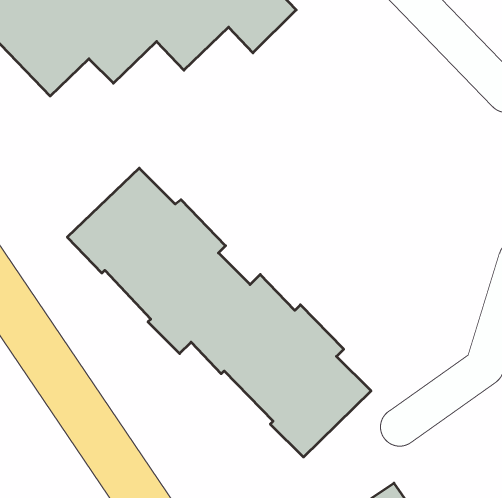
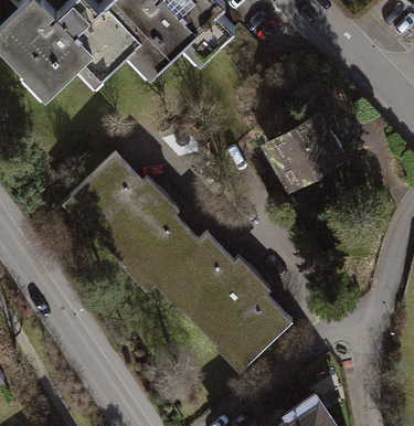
building: none -> [261,113,347,194]

